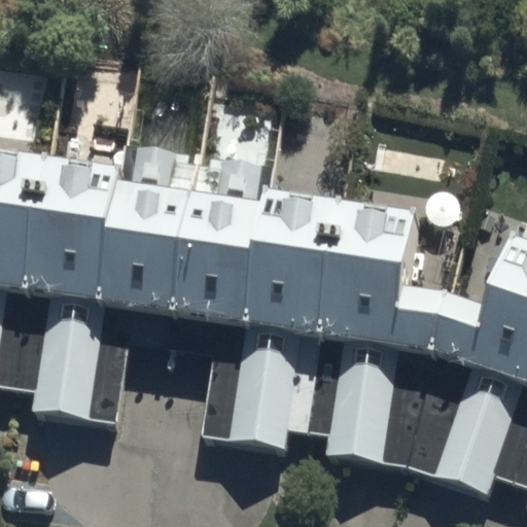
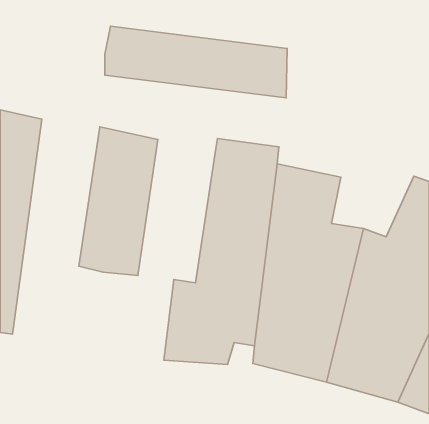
building: none -> [105,26,287,98]
building: [15,146,127,426] -> none
building: [169,171,265,347] -> none

